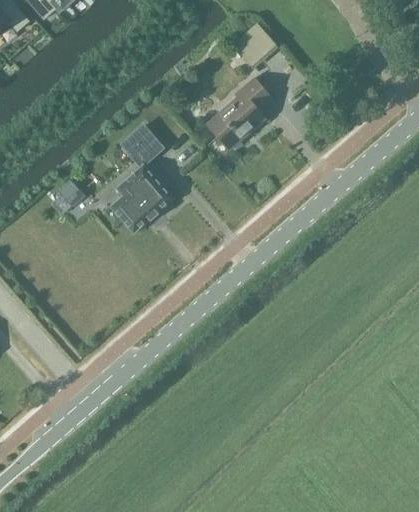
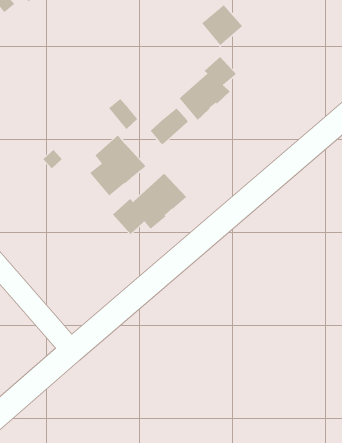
building: none -> [150,108,189,146]
building: none -> [112,173,187,235]

